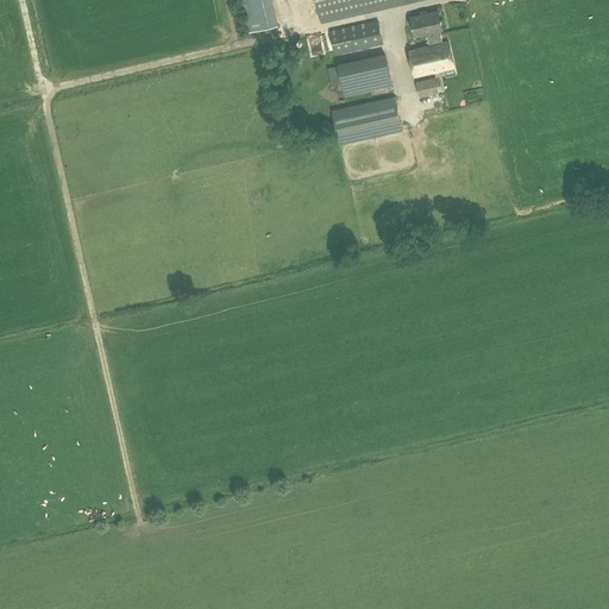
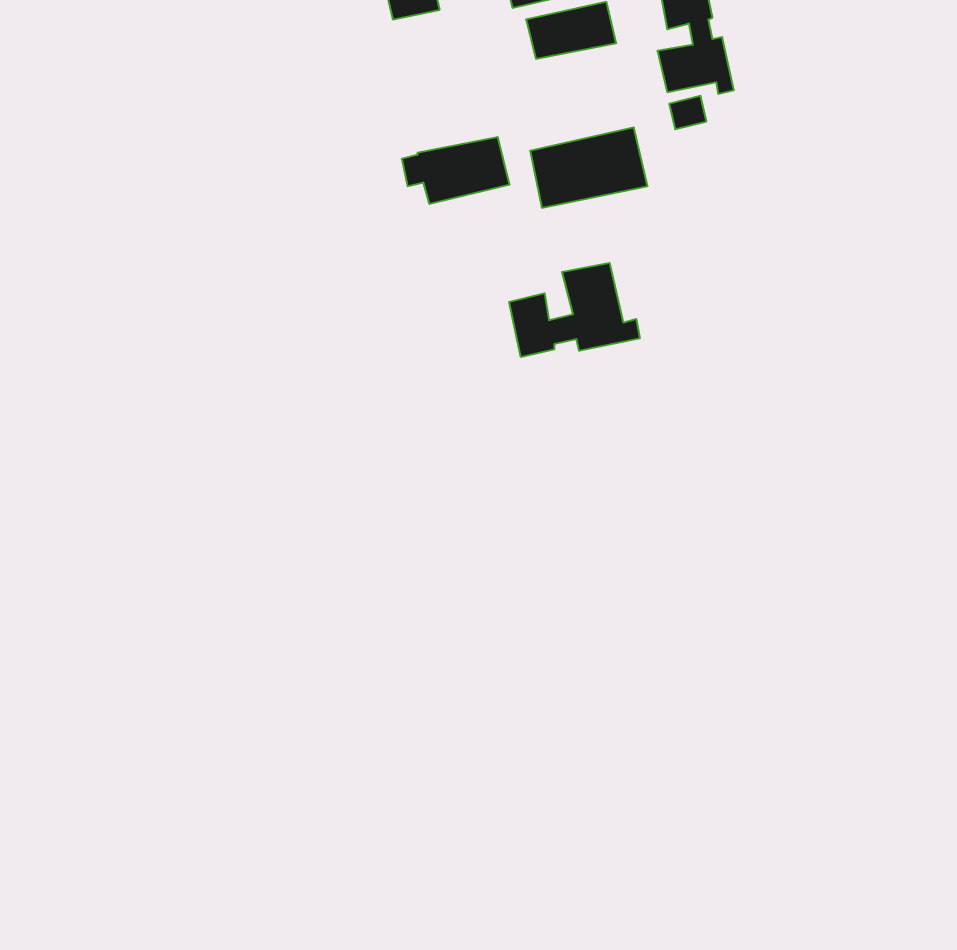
building: [327,54,393,94] -> [402,137,510,204]
building: none -> [509,263,640,357]

